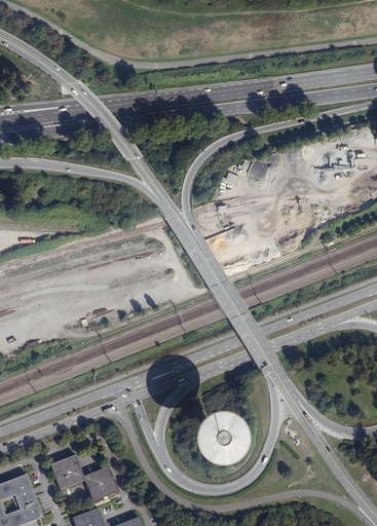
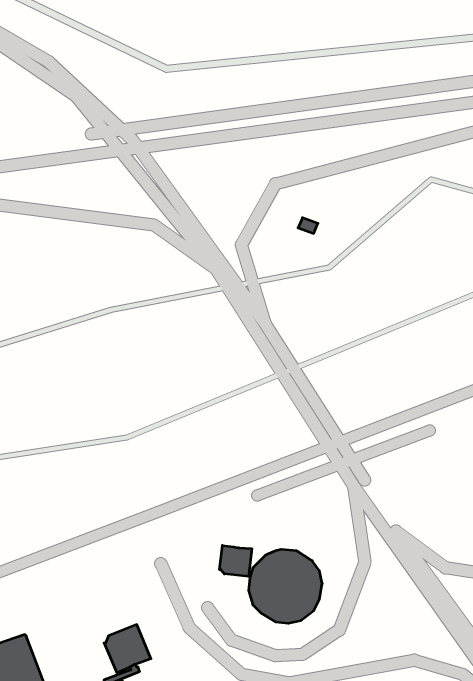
building: none -> [220,545,252,576]
building: [49,455,83,490] -> none

